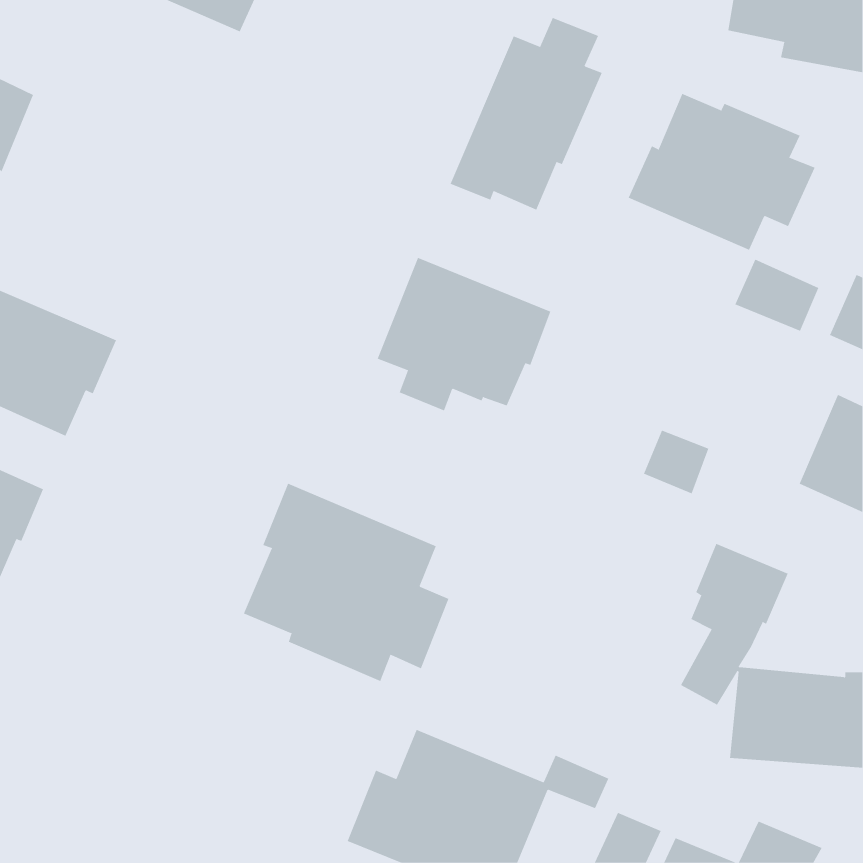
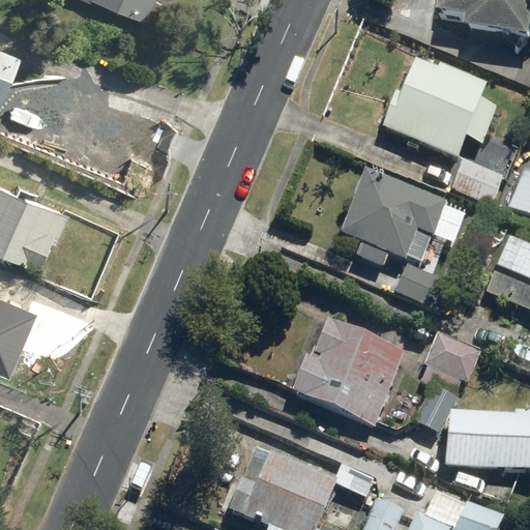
building: [450,17,603,210] -> none
building: [377,257,551,411] -> [340,169,446,263]
building: [243,483,449,682] -> none
building: none -> [295,326,408,432]

